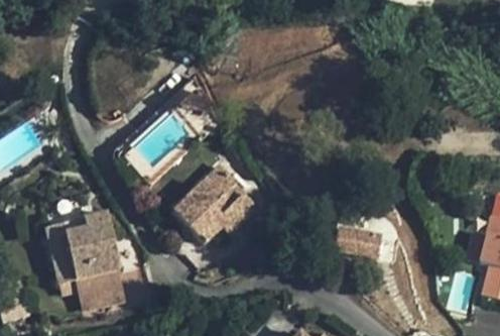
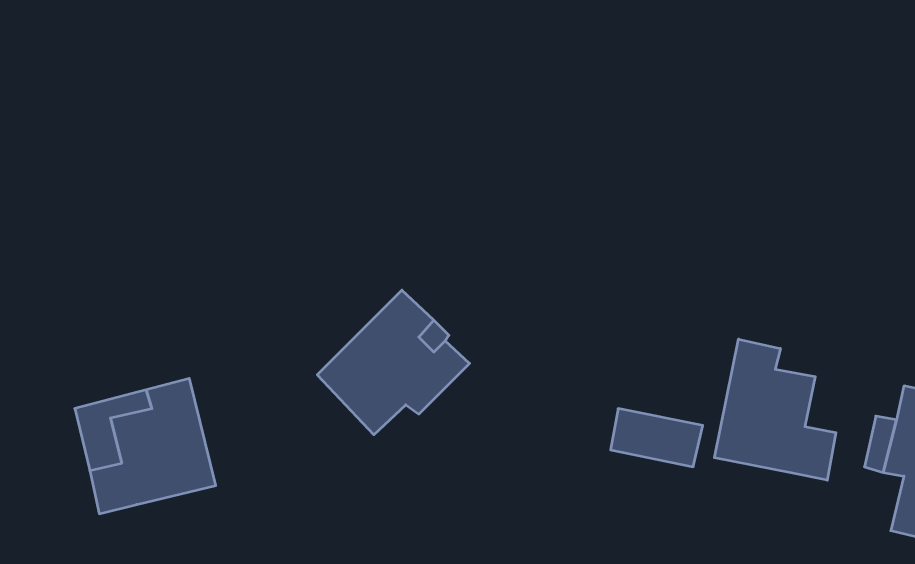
building: none -> [714,339,836,480]
building: [79,269,127,307] -> none

